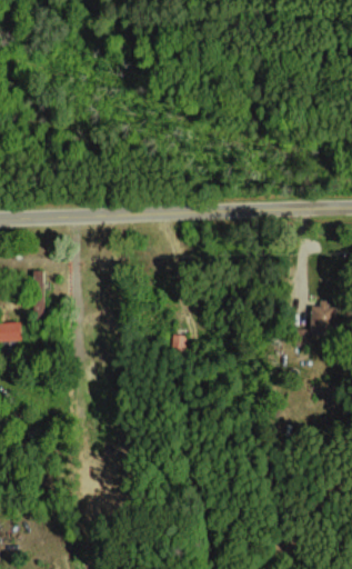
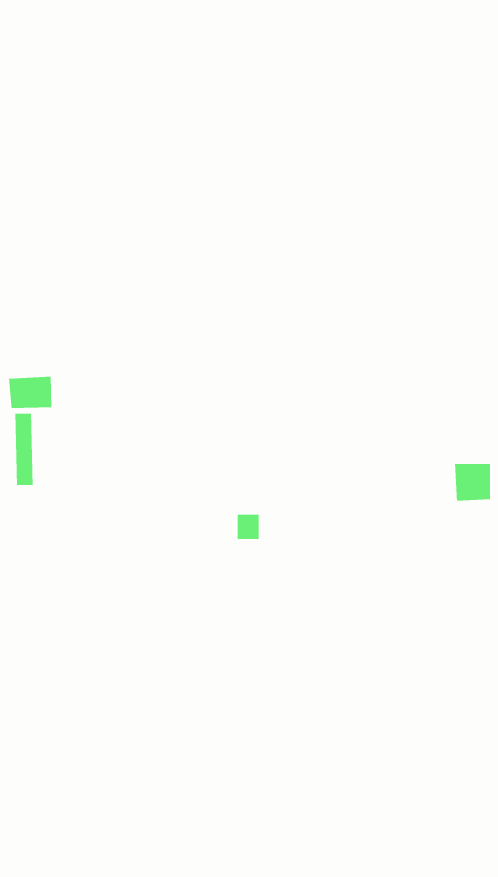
building: none -> [8,376,52,409]

